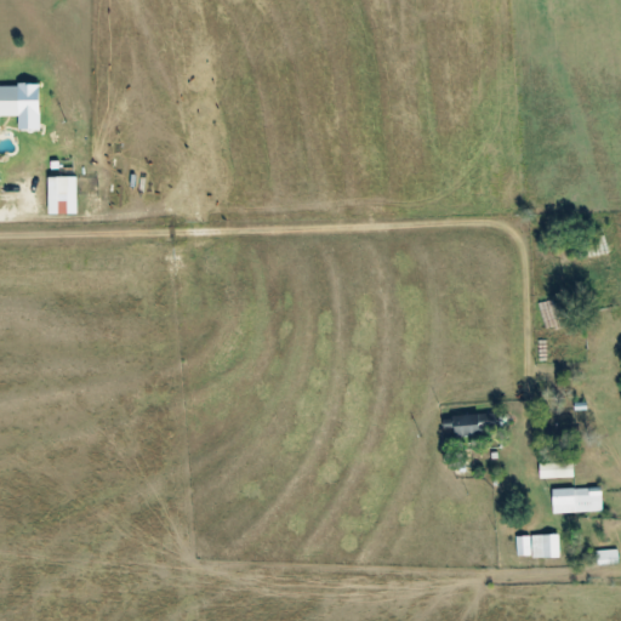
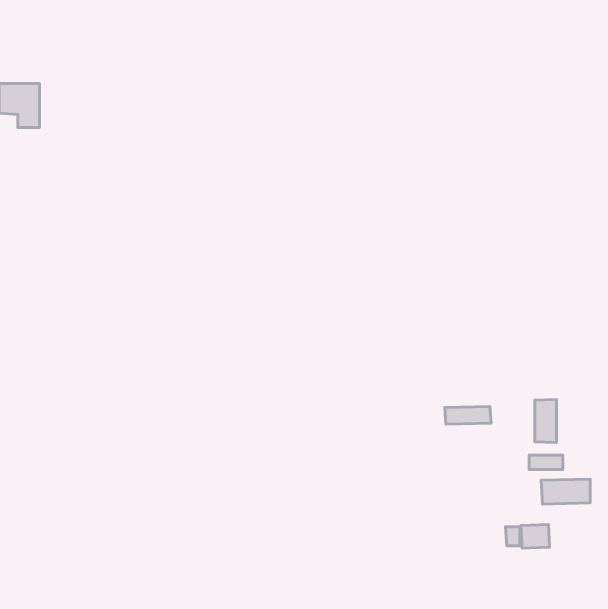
building: [47,176,76,215] -> none
building: none -> [535,400,557,442]

